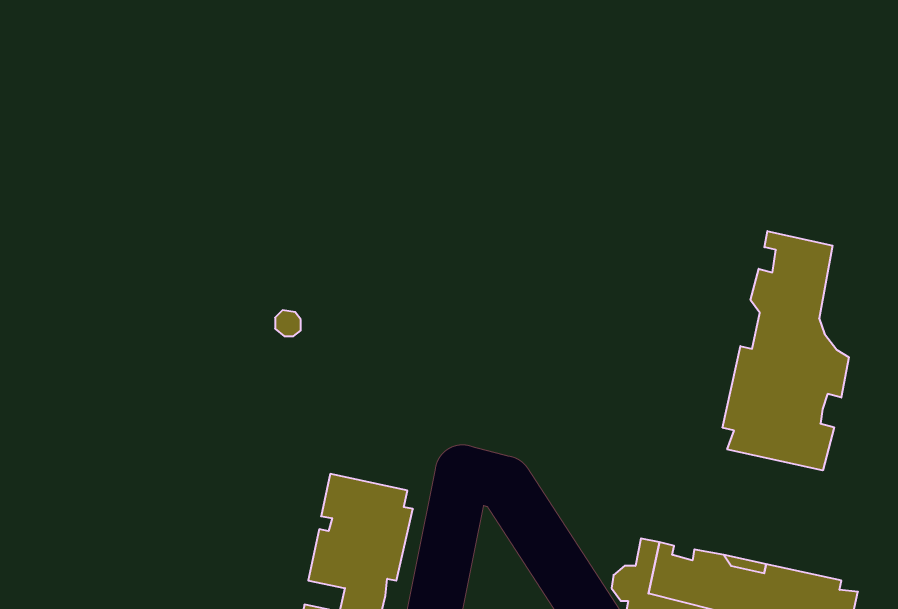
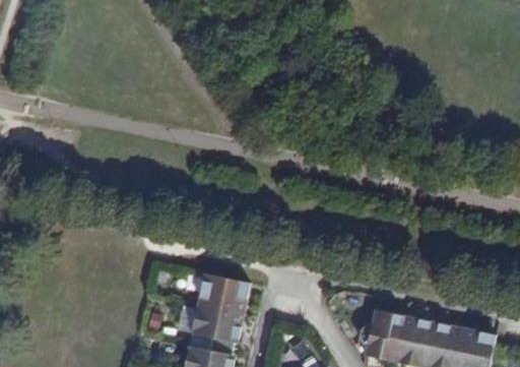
building: [723,231,849,470] -> none

